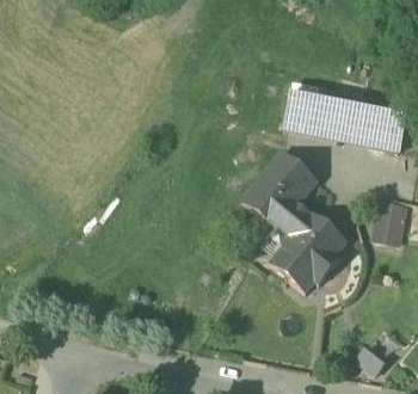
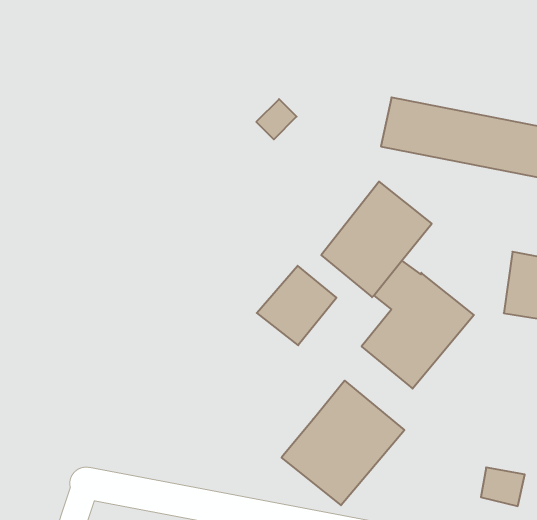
building: none -> [257,266,336,345]
building: none -> [282,381,404,505]

